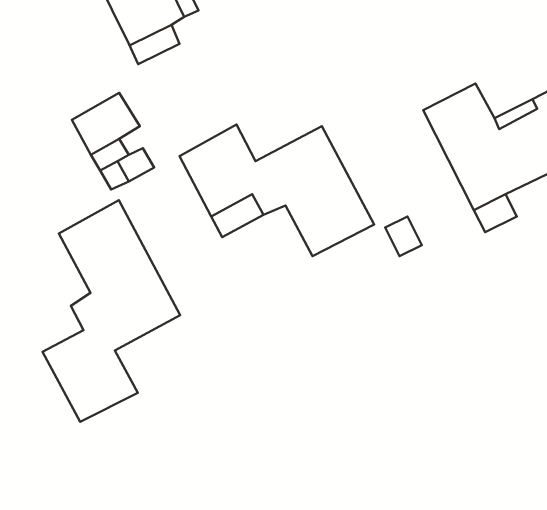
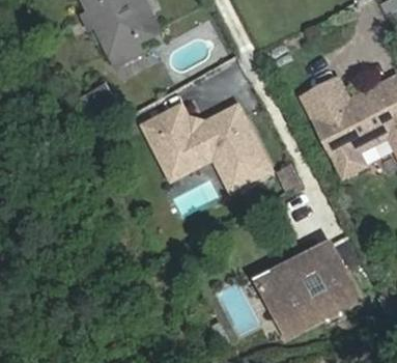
building: [43,200,180,422] -> none
building: none -> [255,242,358,336]

